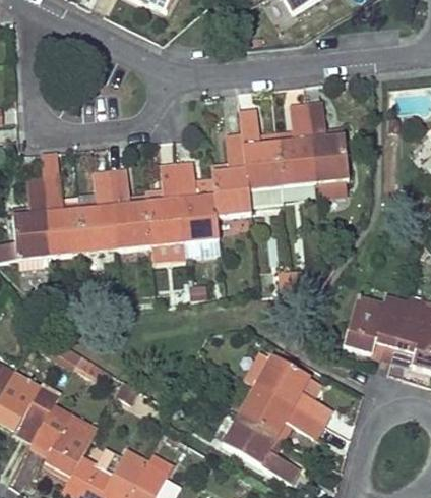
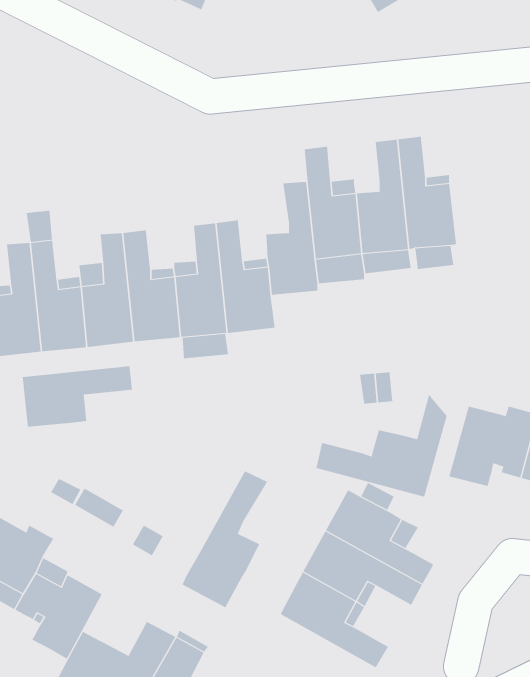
building: none -> [22,365,133,428]
building: none -> [316,394,447,497]
building: none -> [182,471,268,608]

